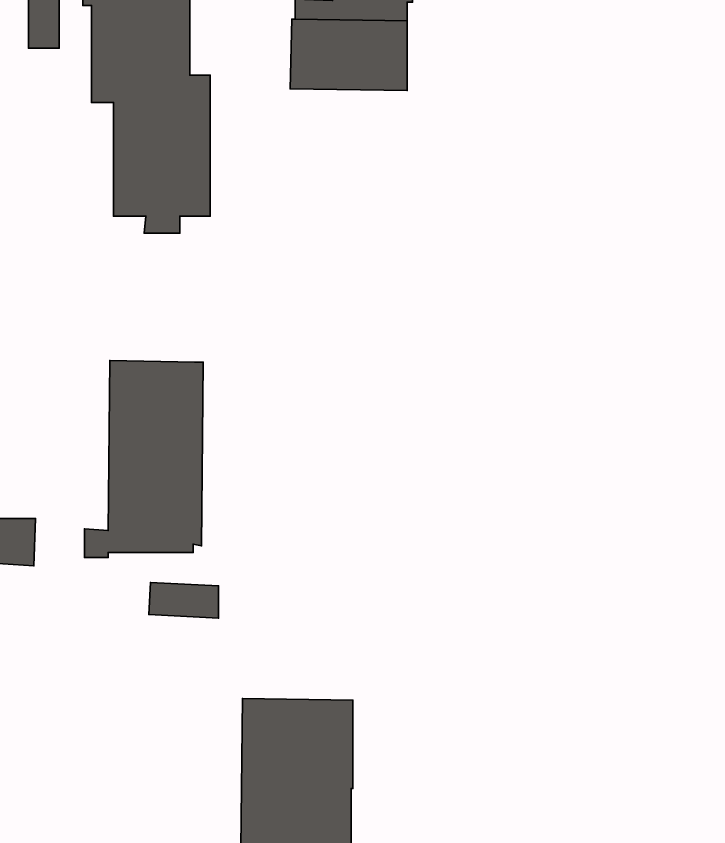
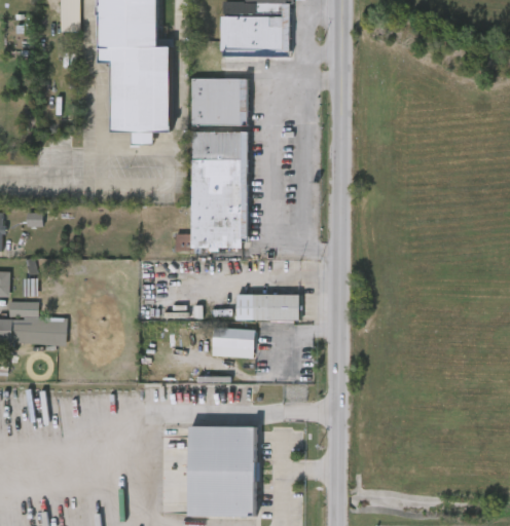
building: none -> [190,78,247,125]
building: [84,361,203,558] -> [175,132,247,251]
building: none -> [234,295,297,321]
building: [149,582,219,618] -> [211,328,253,349]

